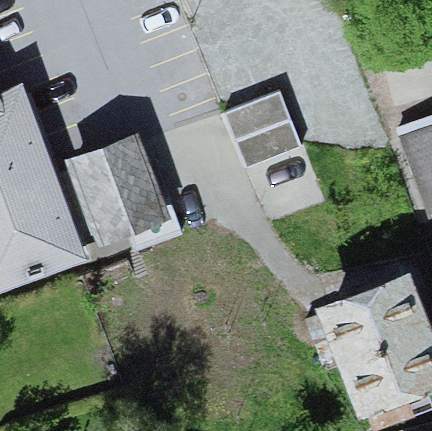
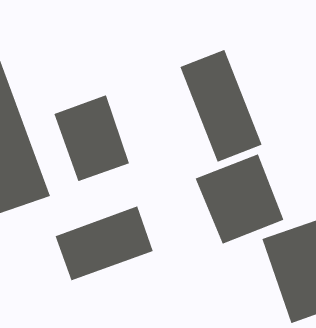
building: none -> [195,154,284,245]
building: none -> [55,205,154,281]

